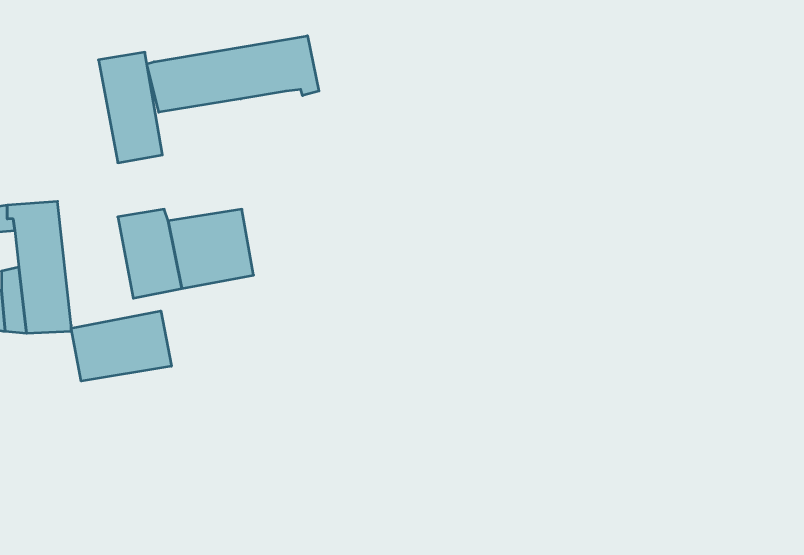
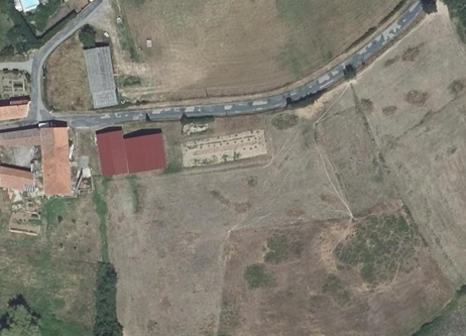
building: [147,36,319,112] -> none
building: [71,311,171,381] -> none

